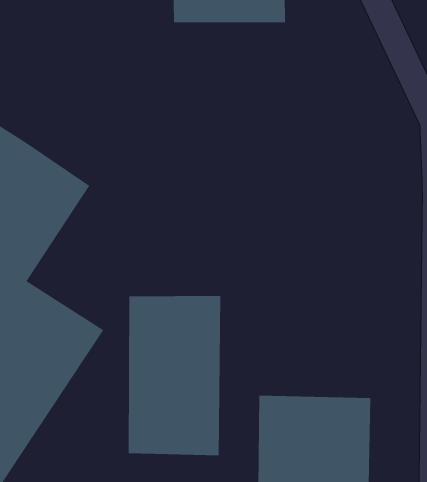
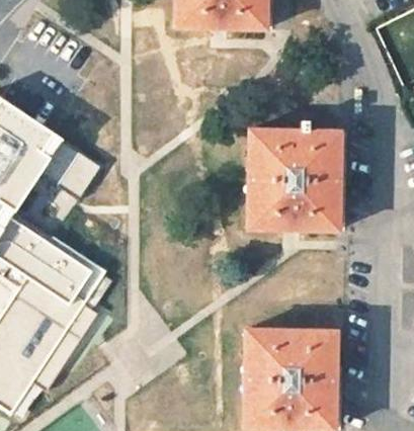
building: none -> [245,130,336,230]
building: [128,295,221,456] -> none

